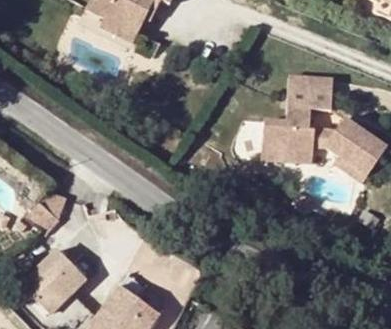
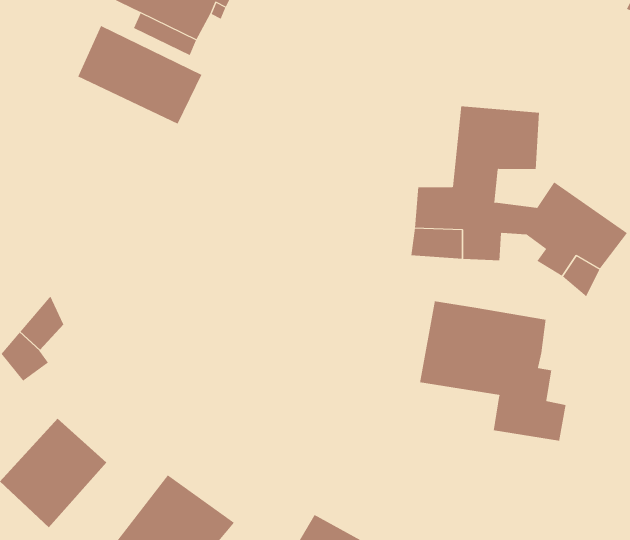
building: none -> [78,25,202,124]
building: none -> [420,300,566,441]

